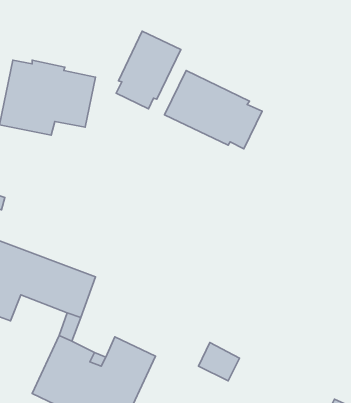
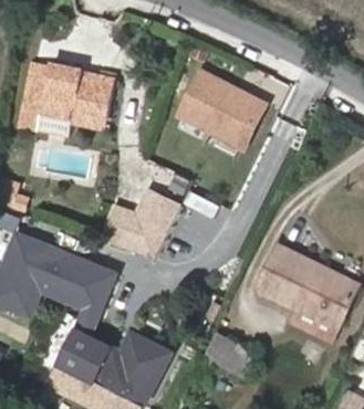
building: [116,31,181,109] -> none
building: none -> [101,185,185,266]
building: none -> [256,243,358,339]

